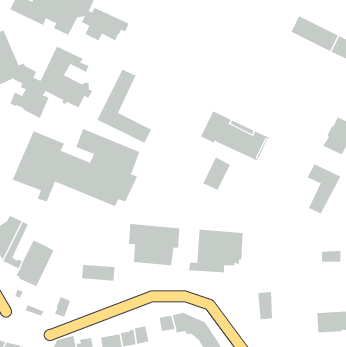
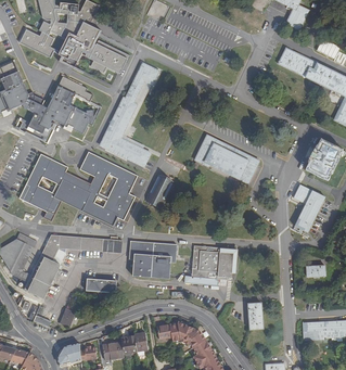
building: none -> [124,63,157,102]
building: [203,156,231,191] -> [145,176,171,207]
building: none -> [40,234,121,260]

